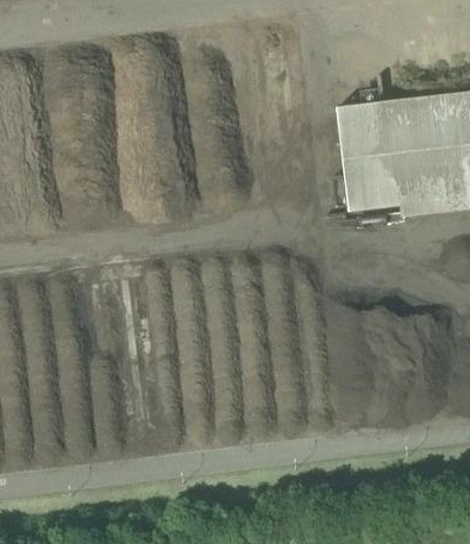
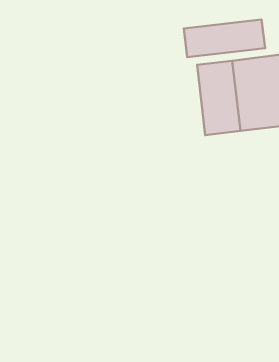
building: none -> [184,19,265,57]

